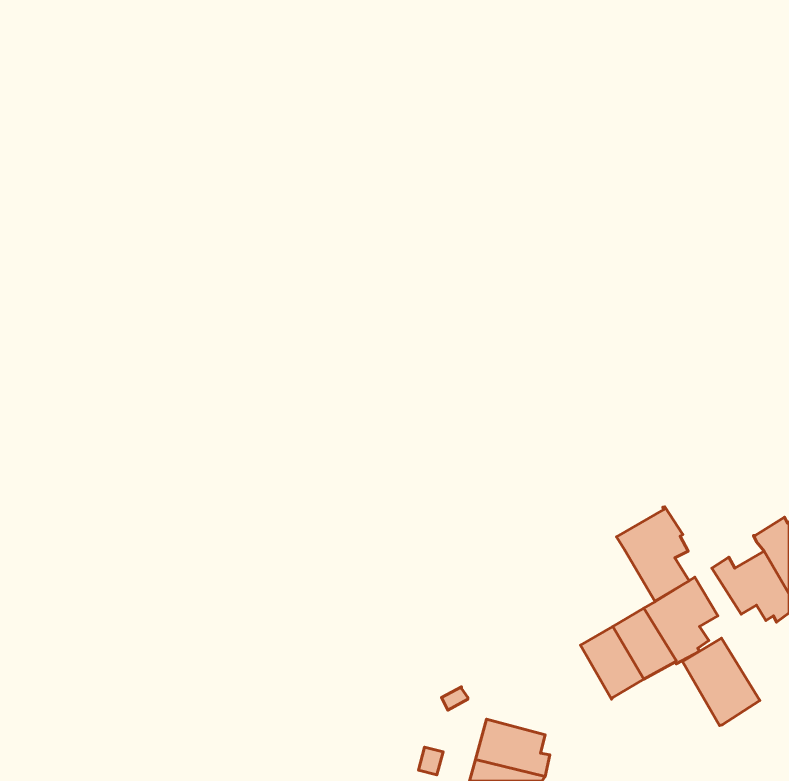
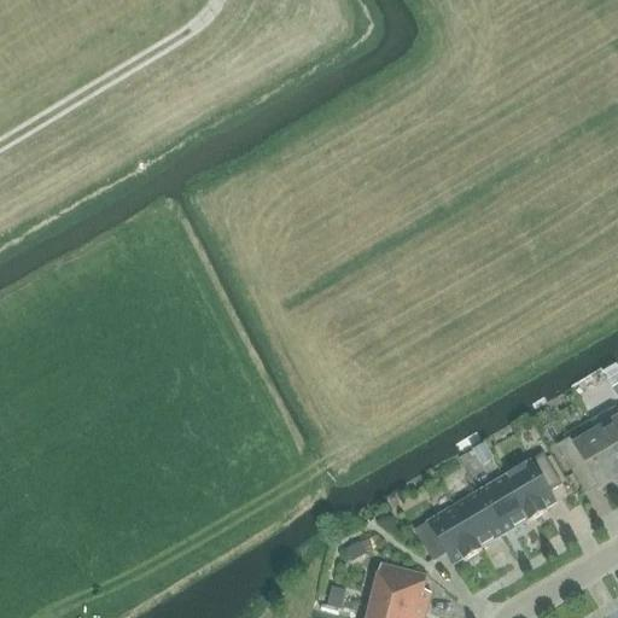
building: [617,507,689,601] -> none
building: [682,638,760,726] -> none
building: none -> [415,505,480,562]

